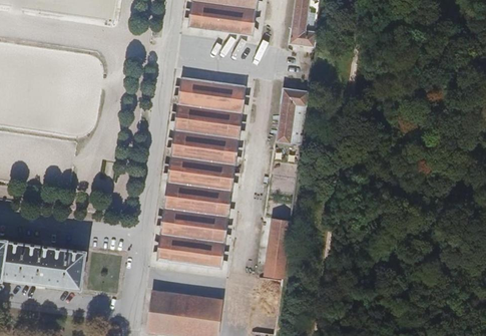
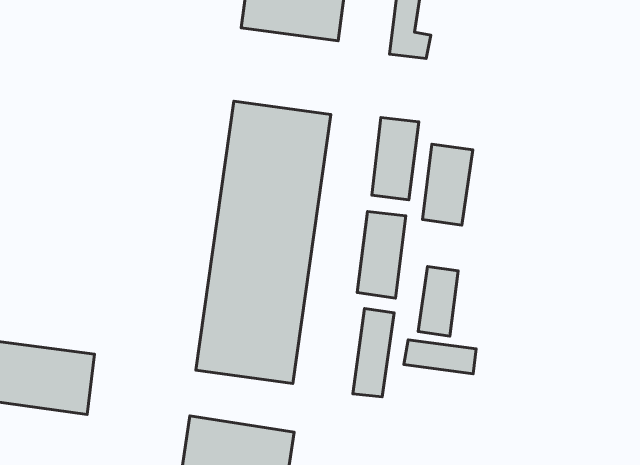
building: none -> [422,144,473,225]
building: none -> [418,266,458,336]
building: none -> [404,340,476,374]

